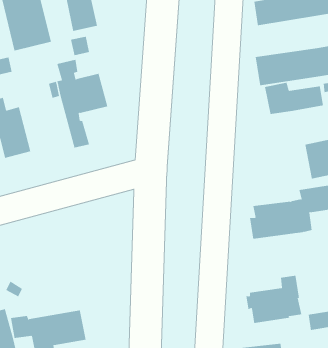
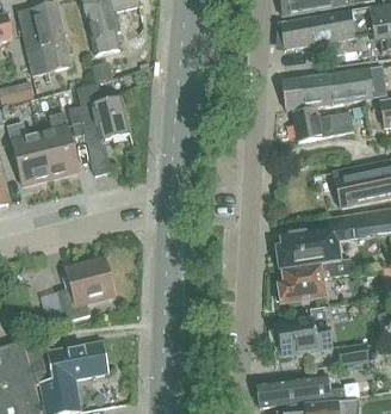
building: none -> [38,111,79,178]
building: none -> [56,257,113,321]
building: none -> [274,258,352,302]

